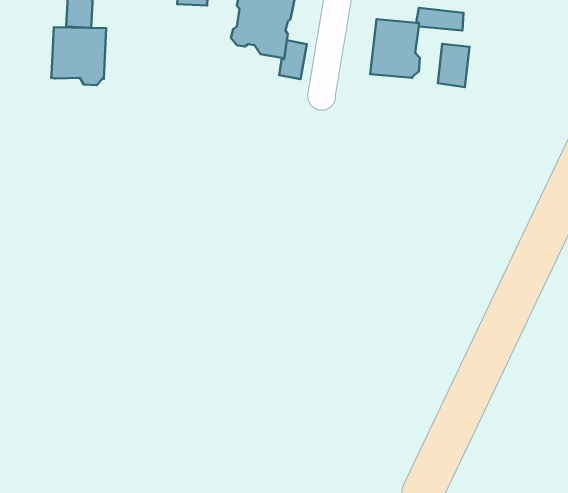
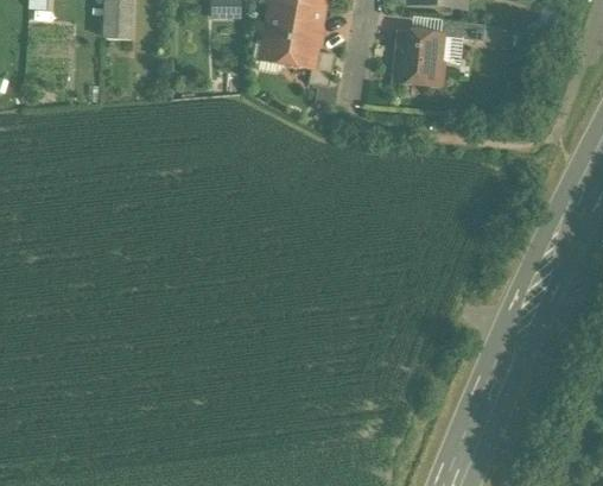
building: [51,27,106,85] -> none
building: [438,44,469,87] -> none

